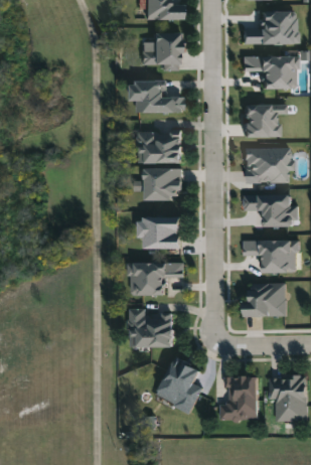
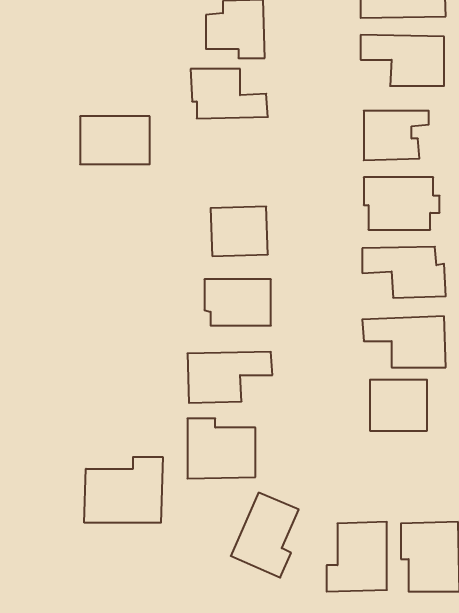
building: [137,129,182,160] -> [80,116,150,164]
building: none -> [84,457,163,523]

